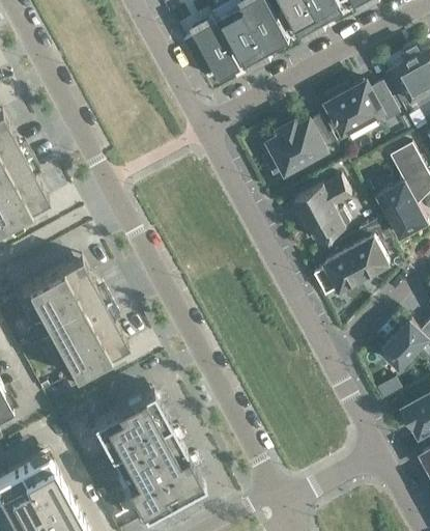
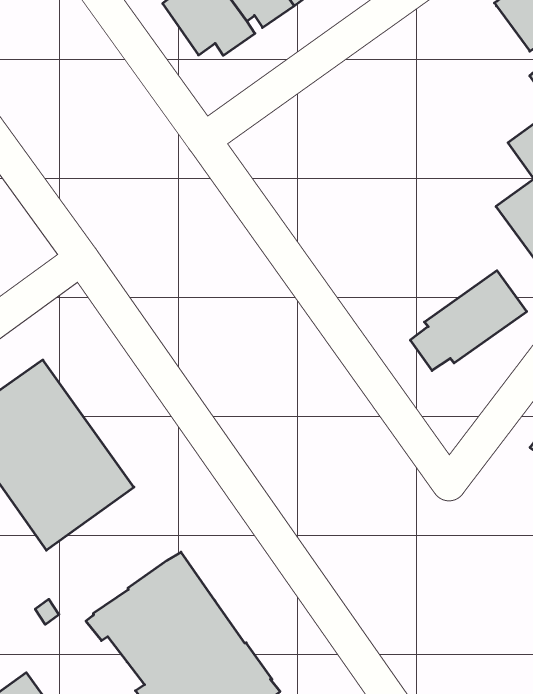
building: [326,83,399,144] -> none
building: [268,116,336,173] -> none
building: [294,178,350,245] -> none

